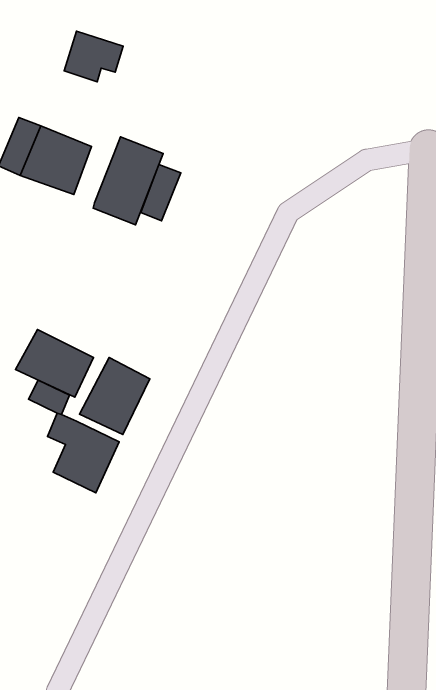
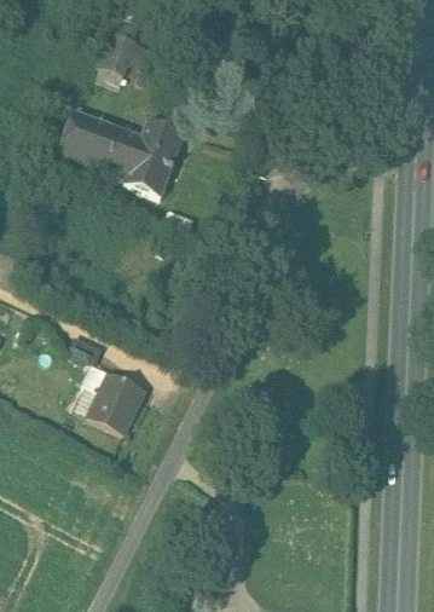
building: [141,164,181,221] -> [106,129,141,179]
building: [16,330,94,397] -> none
building: [80,357,150,434] -> none

